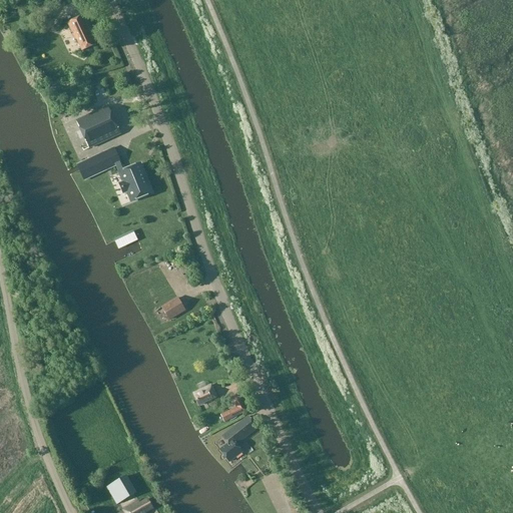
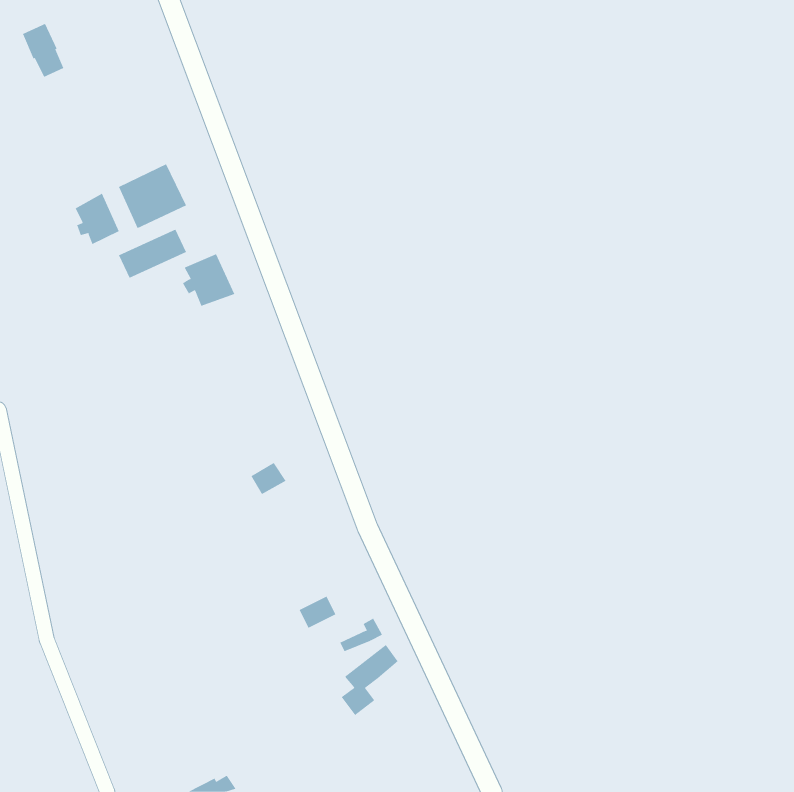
building: [67,15,94,50] -> [22,23,64,77]
building: none -> [75,193,120,245]
building: [106,476,133,503] -> none

